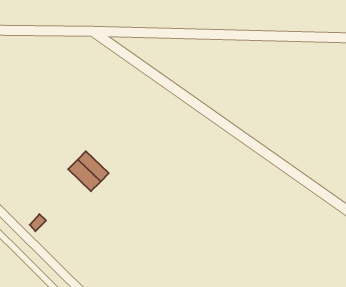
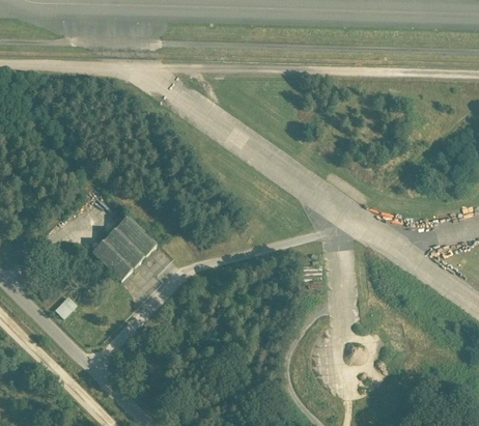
building: none -> [91,238,133,280]

